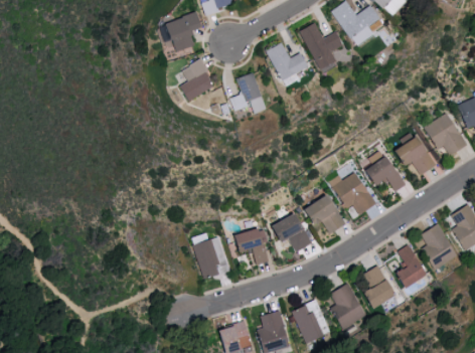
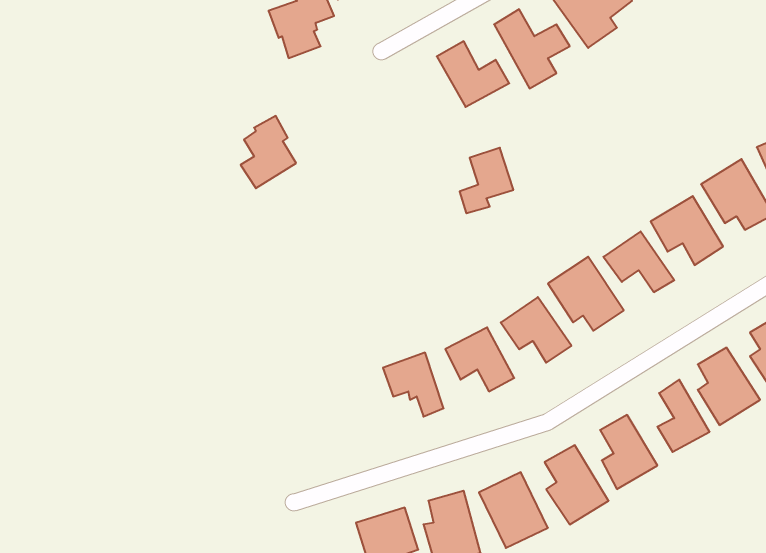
building: [180,57,213,101] -> [241,116,296,188]
building: [229,71,262,111] -> [460,148,513,213]
building: [192,236,229,280] -> none

